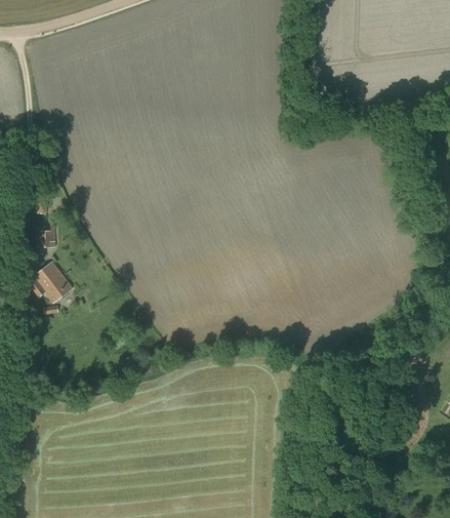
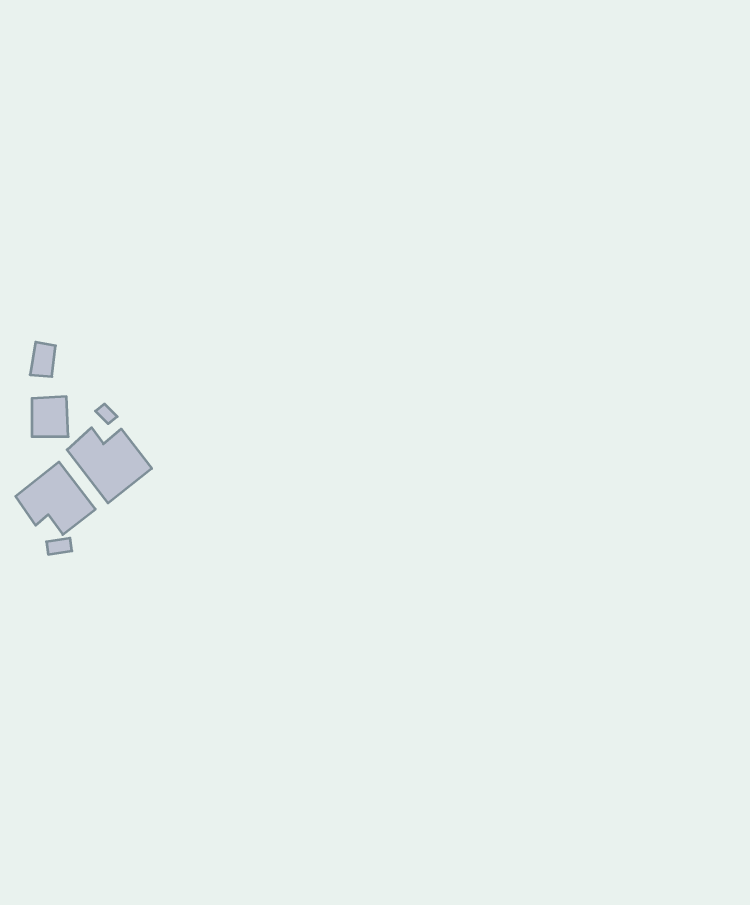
building: none -> [67,428,152,503]

